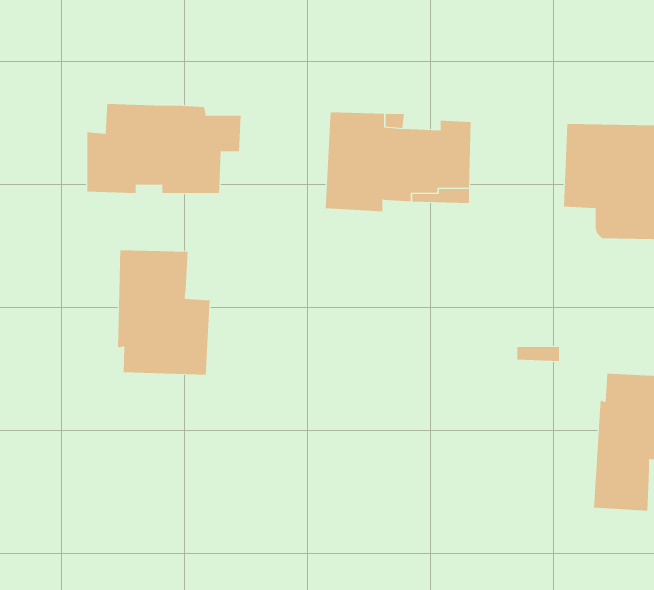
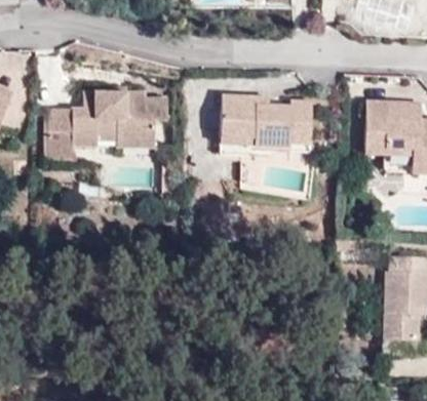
building: none -> [48,107,71,158]
building: [117,250,210,376] -> none

